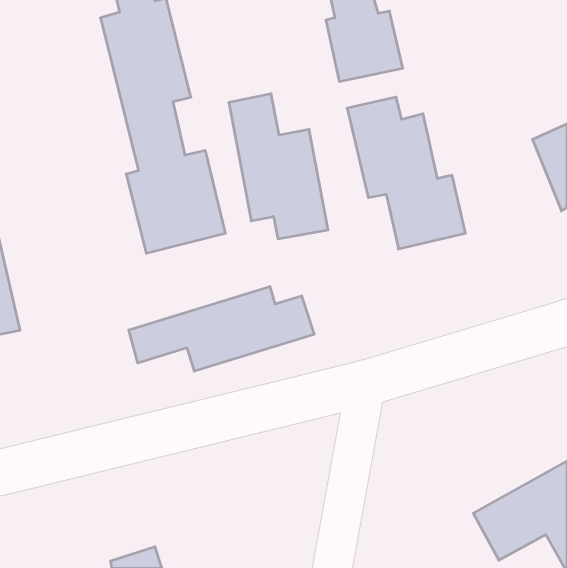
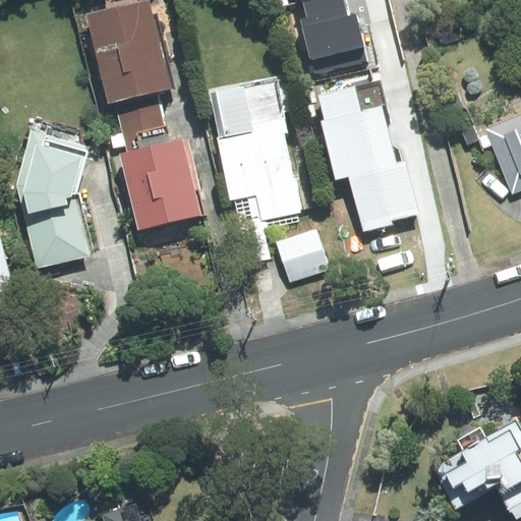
building: none -> [18,130,91,266]
building: none -> [277,230,327,279]
building: [129,286,314,371] -> none

